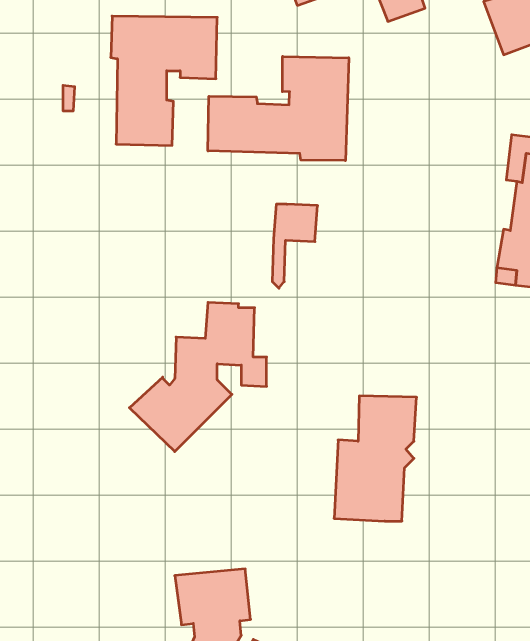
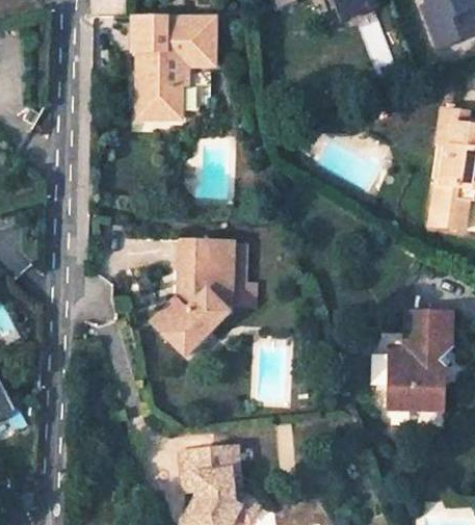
building: [208,56,349,161] -> none
building: [272,204,318,288] -> [173,240,208,306]
building: [334,396,417,521] -> [386,313,450,411]

